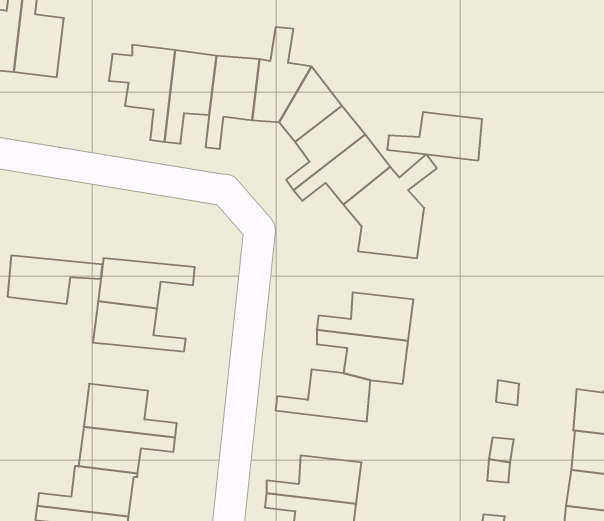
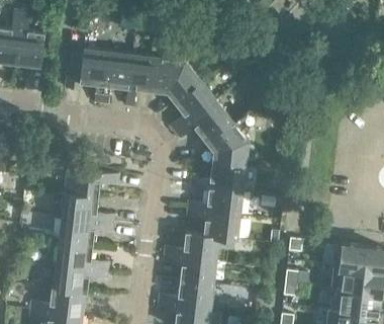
building: [387,112,482,160] -> [191,166,245,193]
building: [8,256,103,304] -> [60,218,113,245]
building: none -> [164,256,216,286]

